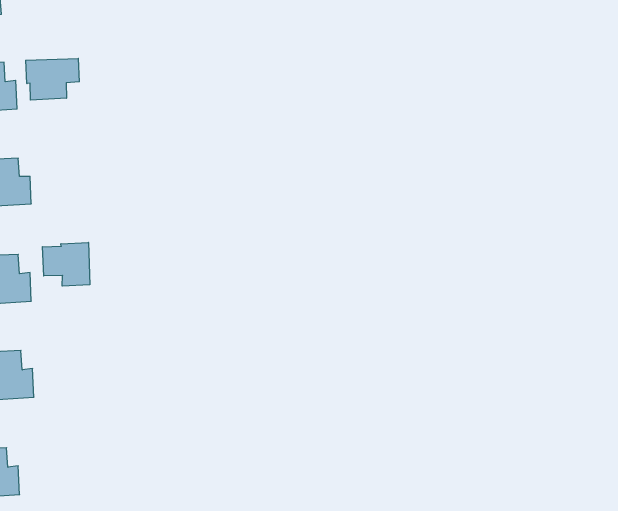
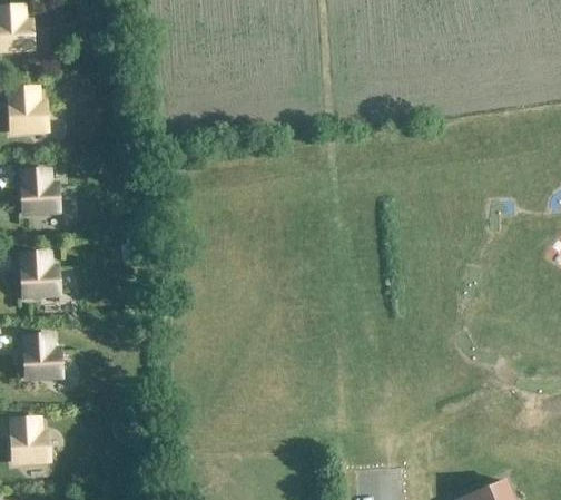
building: [26,58,79,100] -> none
building: [42,242,90,286] -> none

